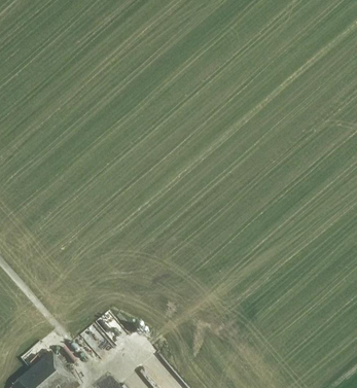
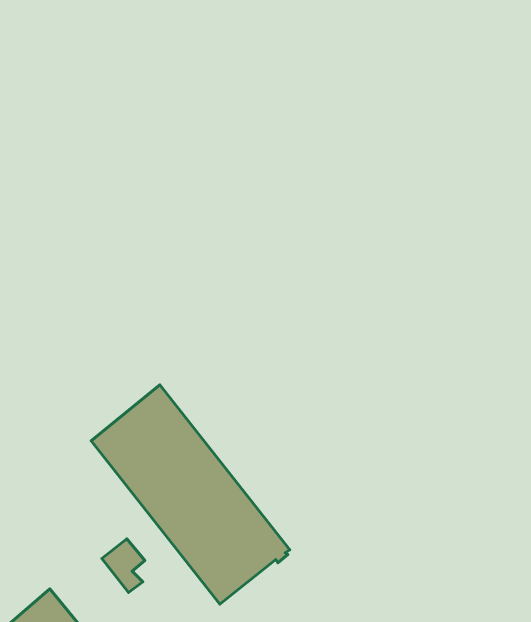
building: none -> [91,385,290,604]

